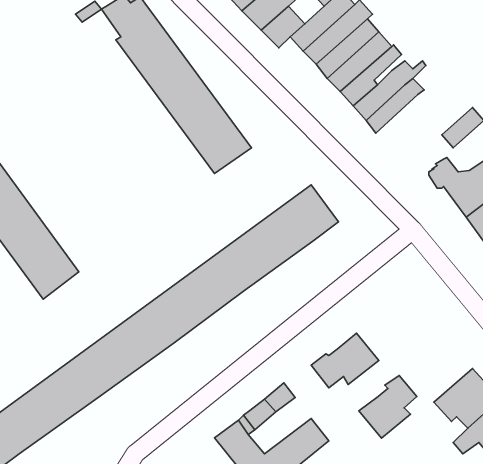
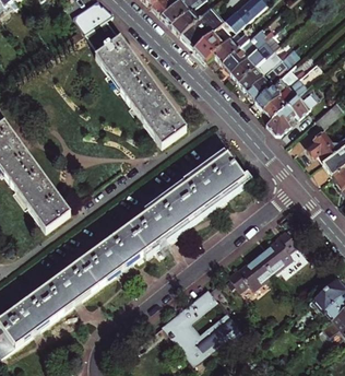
building: none -> [265,92,310,133]
building: [359,375,417,438] -> [257,230,296,272]

